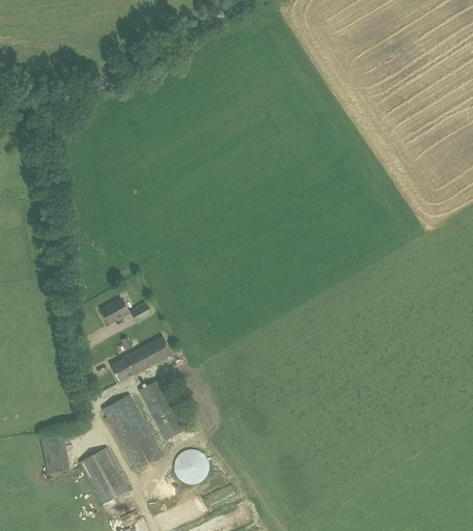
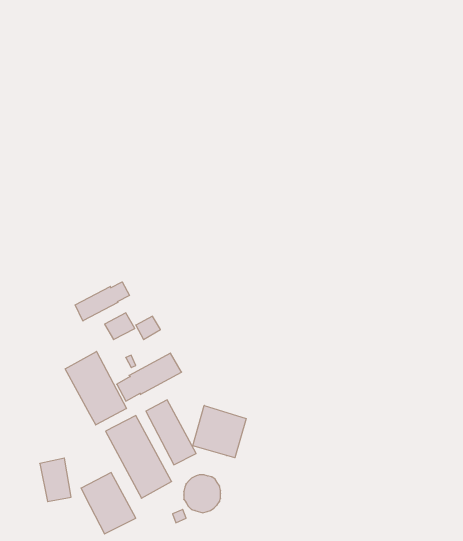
building: none -> [75,282,129,321]
building: none -> [65,351,126,425]
building: none -> [193,405,246,458]

